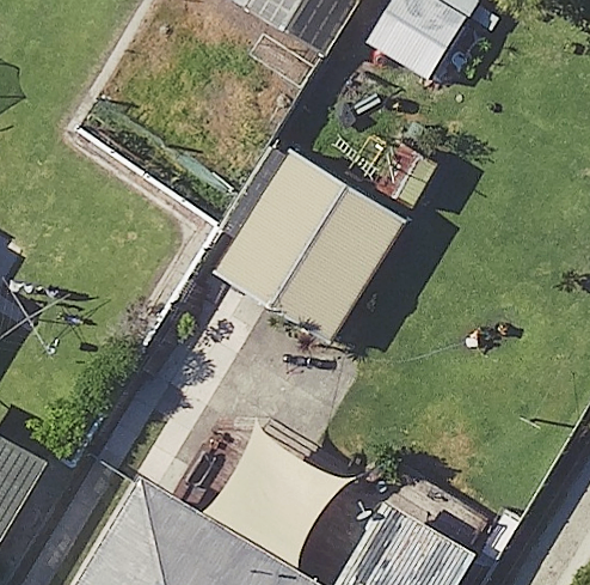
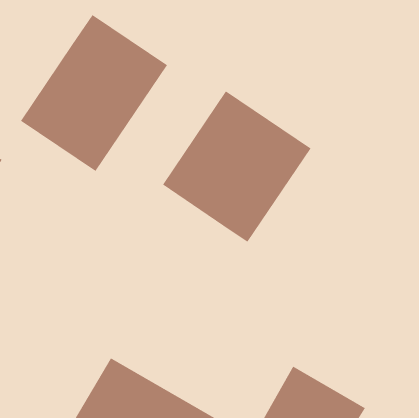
building: none -> [20,14,168,172]

